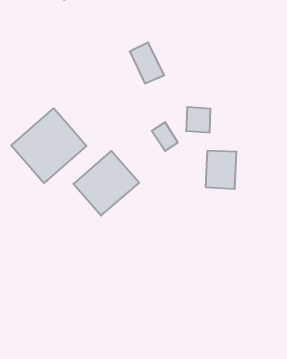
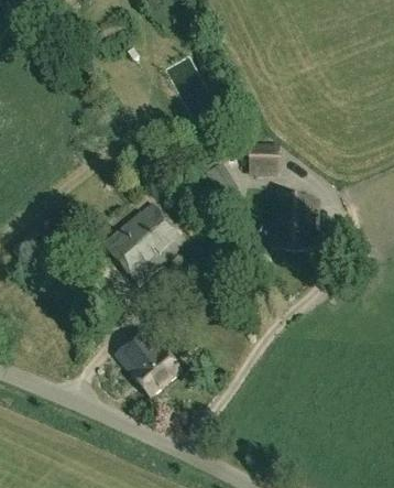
building: [11,108,87,183] -> none
building: none -> [116,327,182,397]

